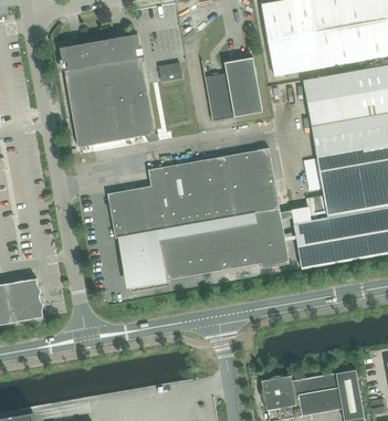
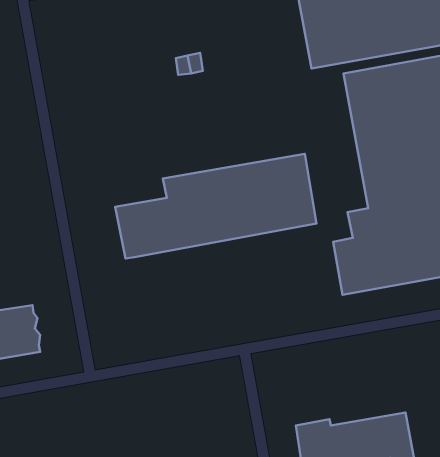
building: [61,34,156,147] -> none
building: [205,57,263,120] -> none
building: [124,208,290,288] -> none

